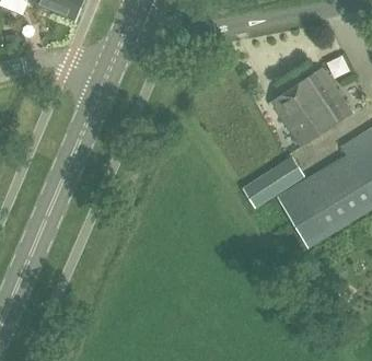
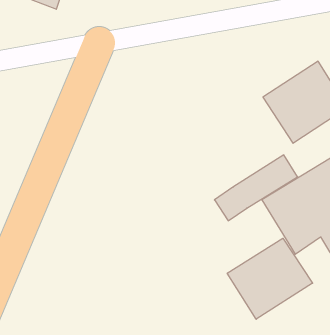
building: none -> [227,238,313,319]

